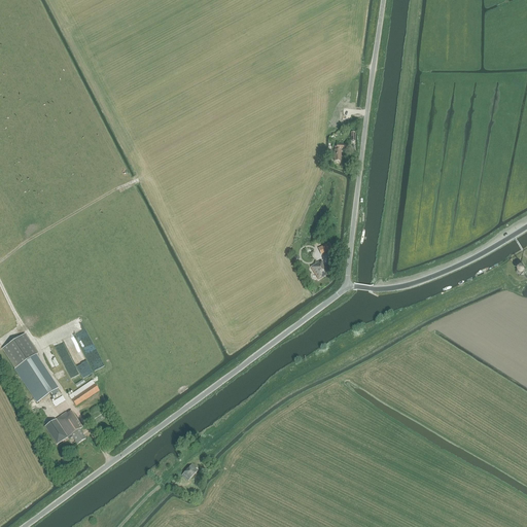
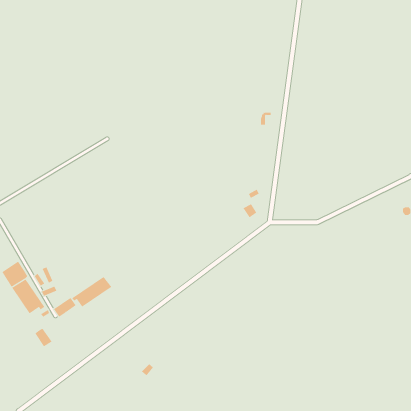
building: none -> [71,276,112,308]
building: [55,409,84,443] -> none

